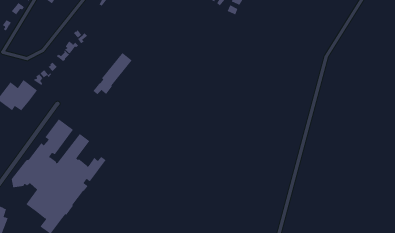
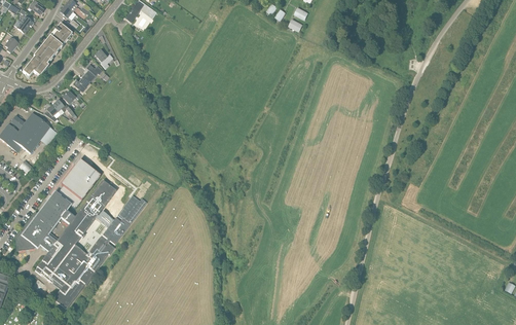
building: [93,52,133,95] -> [23,22,73,75]

